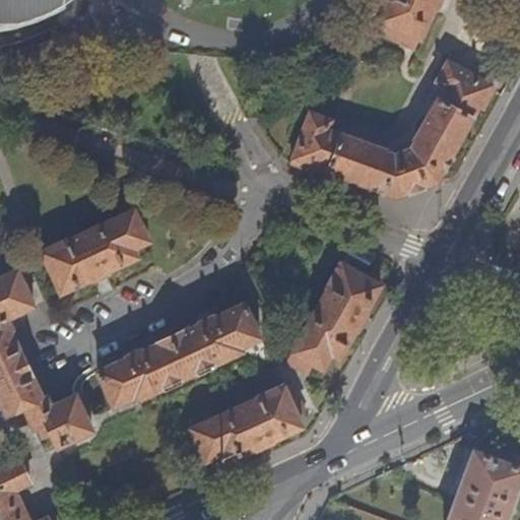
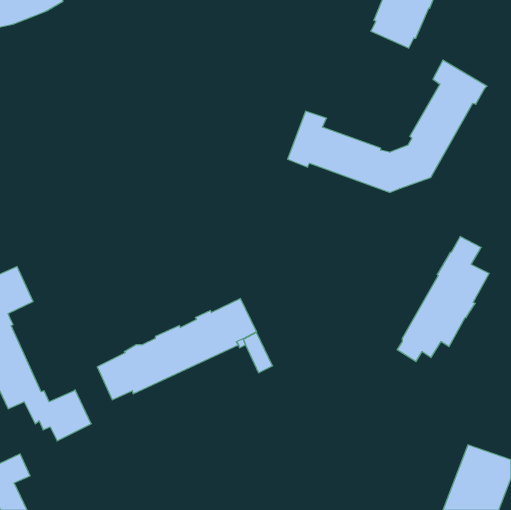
building: [42,209,148,291] -> none
building: [287,247,381,374] -> [397,236,489,362]
building: [192,383,306,461] -> none

